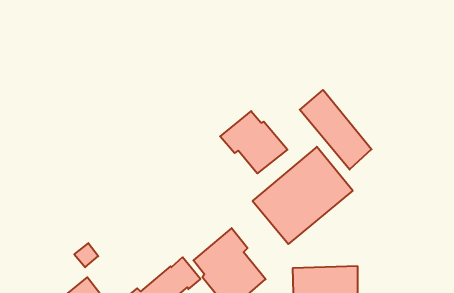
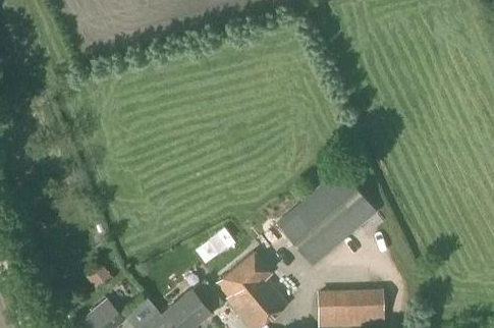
building: [300,90,372,170] -> none
building: [220,111,287,173] -> none

